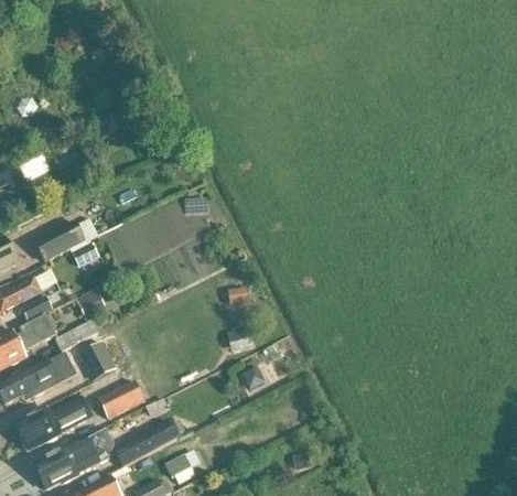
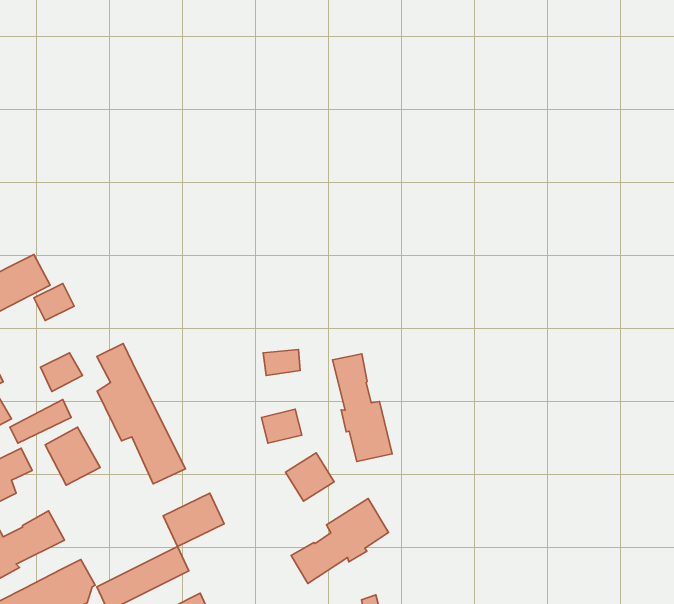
building: none -> [97,344,186,484]
building: none -> [333,354,392,461]
building: [97,384,139,420] -> [163,493,224,546]
building: none -> [291,499,389,584]

